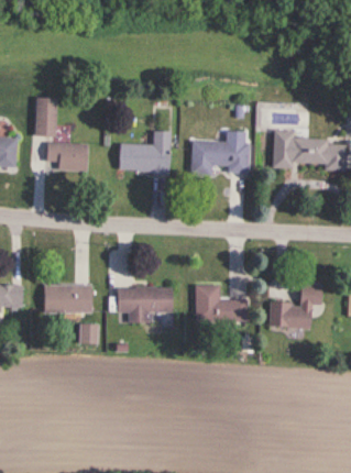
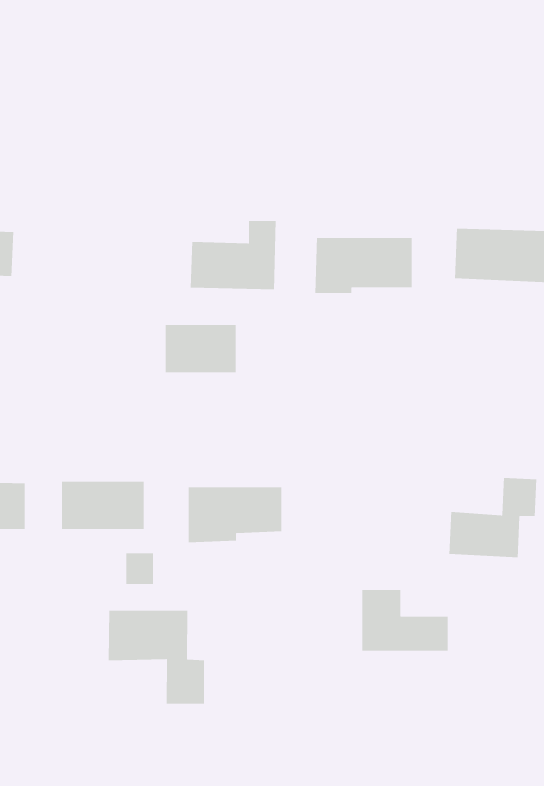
building: [36,98,55,136] -> none
building: [47,142,89,170] -> [165,324,237,373]
building: [197,283,248,319] -> [362,589,448,652]
building: none -> [108,610,205,704]

